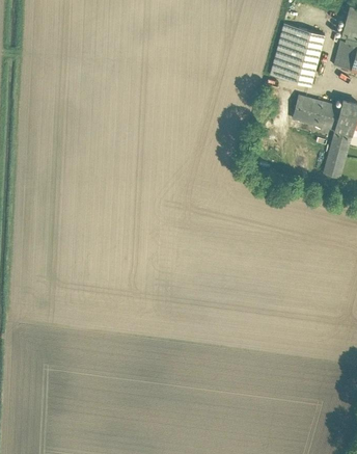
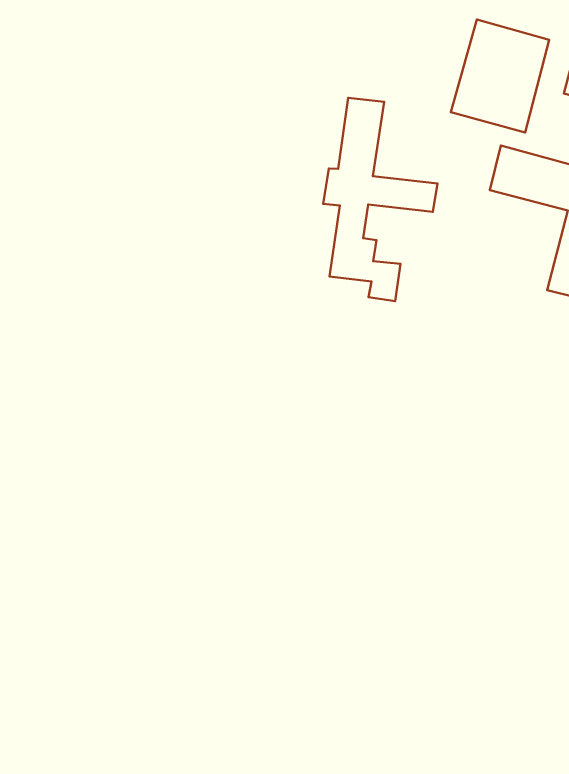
building: none -> [323,98,438,301]

